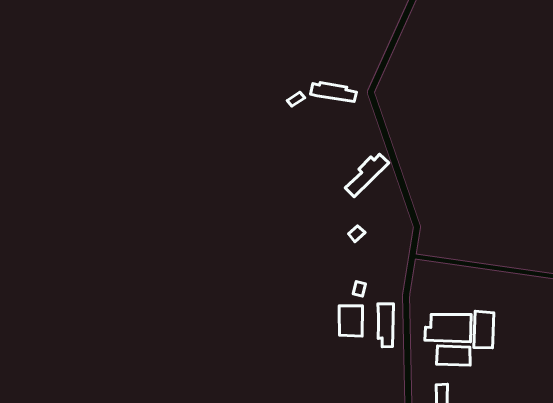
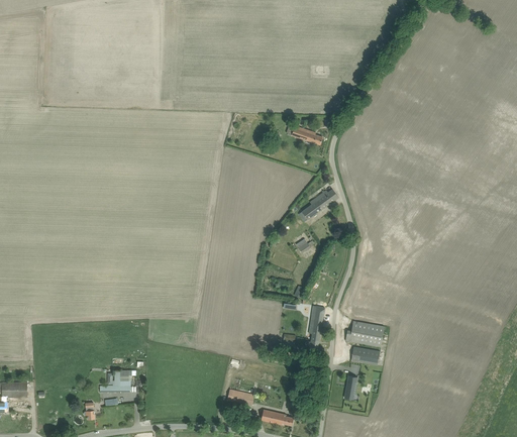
building: [339,306,362,336] -> none
building: [474,311,494,348] -> none

